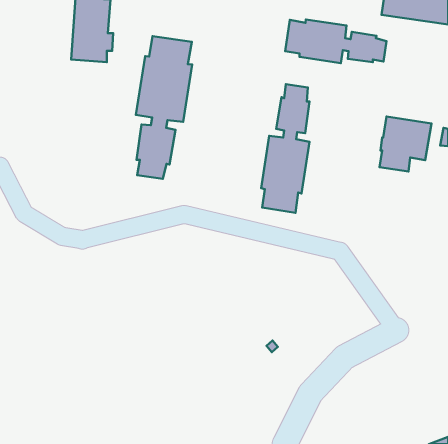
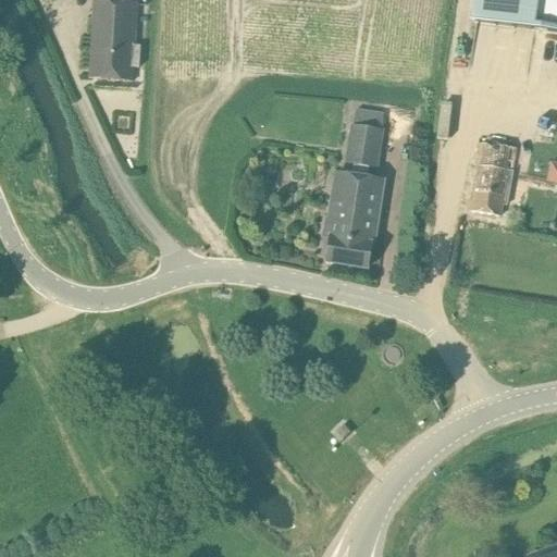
building: [285,19,387,63] -> none
building: [136,36,192,179] -> none

